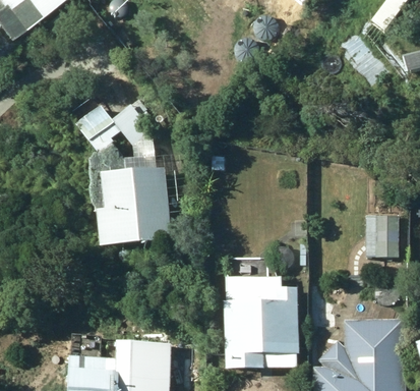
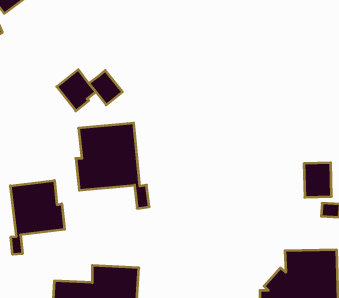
building: none -> [10,180,65,254]
building: [224,275,298,368] -> none

